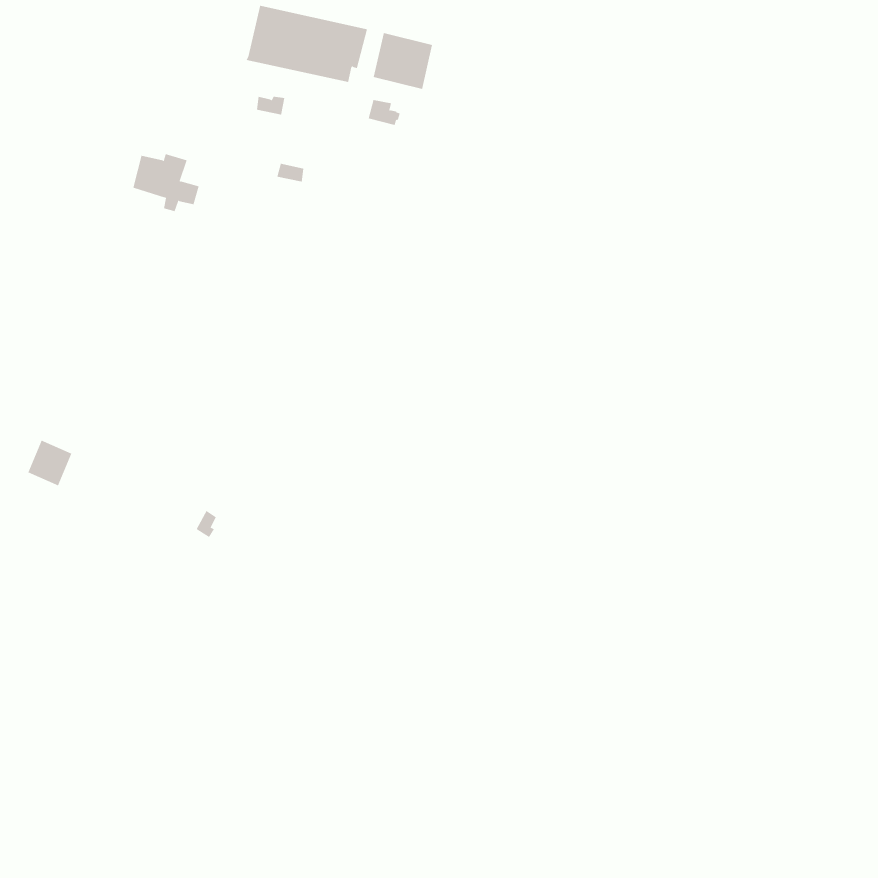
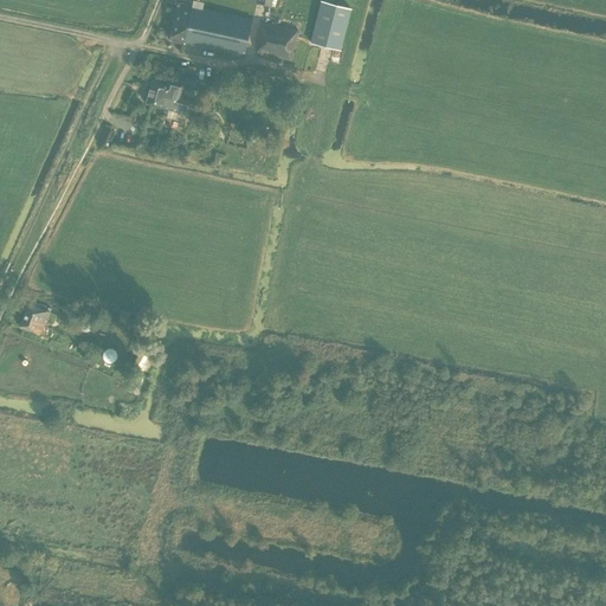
building: none -> [310,5,349,53]
building: [132,153,199,212] -> [146,79,192,120]

